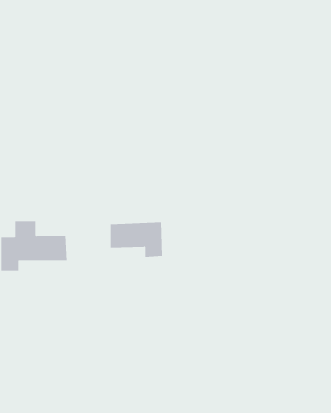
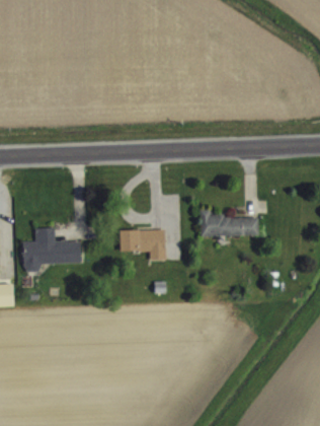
building: none -> [199,209,259,236]

